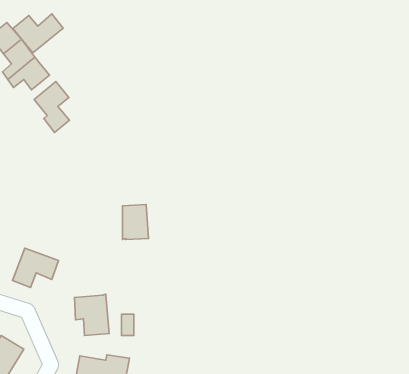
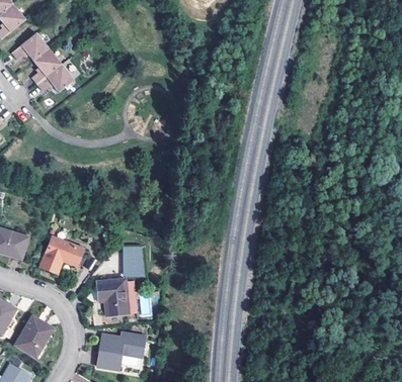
building: [13,14,63,53] -> none
building: [34,82,70,132] -> none
building: [123,205,148,239] -> [123,248,146,279]

